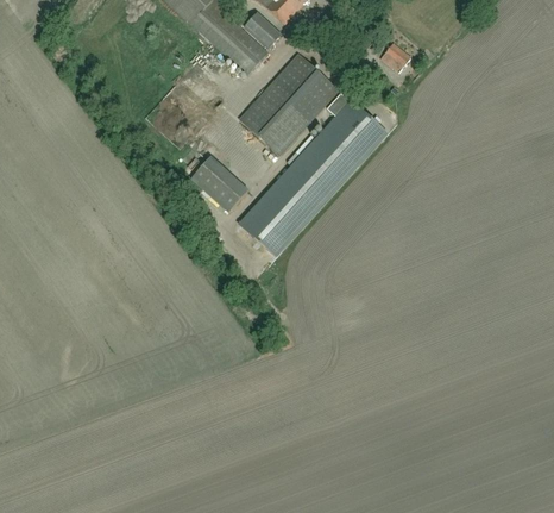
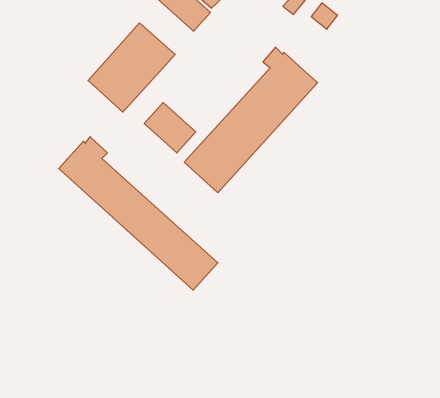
building: [239,54,338,155] -> [88,23,175,112]
building: none -> [59,137,218,290]

